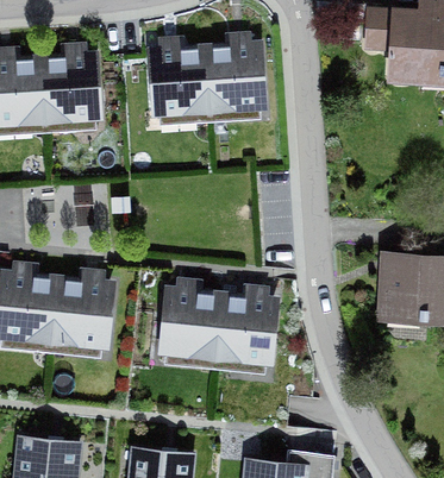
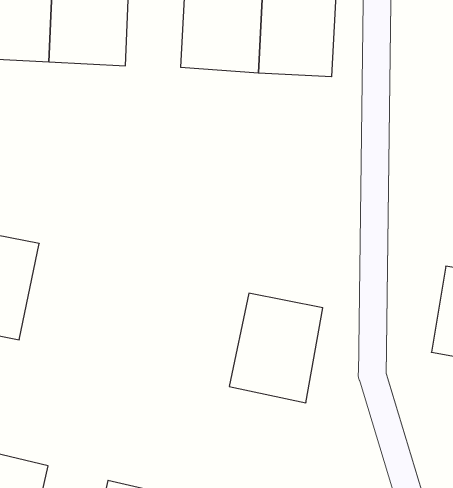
building: [50,270,117,353] -> none
building: [158,285,224,364] -> none

